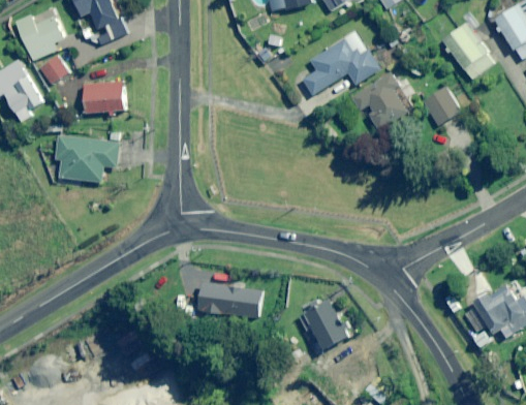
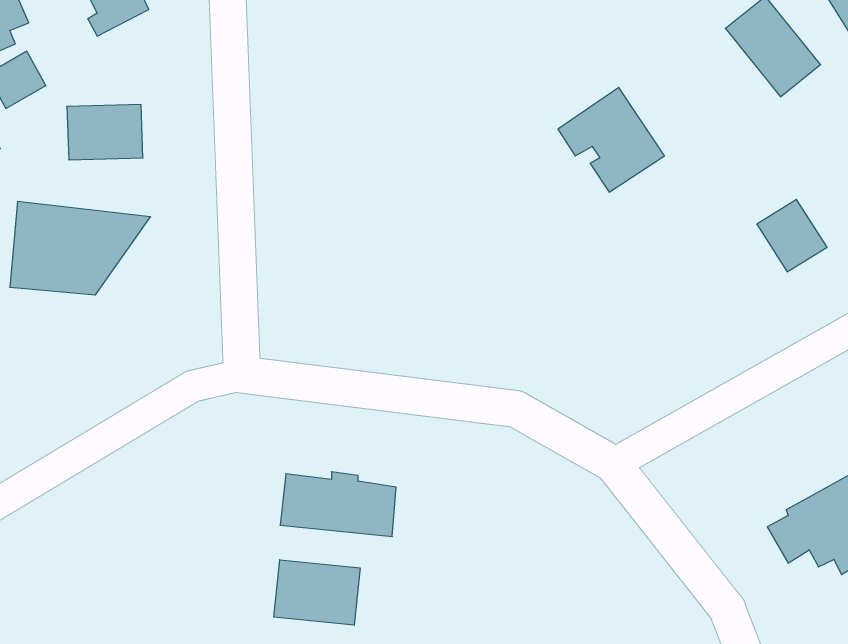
building: [302,38,379,97] -> none
building: [421,87,459,126] -> [757,199,827,272]
building: [296,297,348,349] -> none
building: none -> [274,560,360,625]

